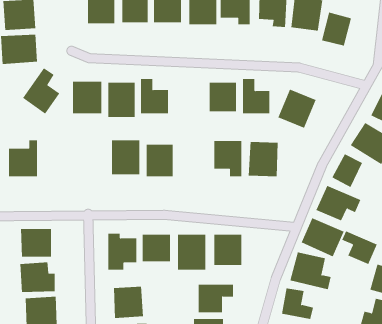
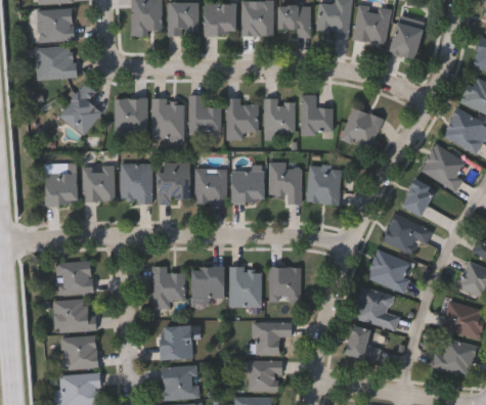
building: none -> [227,101,258,140]
building: none -> [121,164,151,202]
building: none -> [82,167,114,201]
building: none -> [231,169,262,202]
building: [342,231,377,265] -> none

